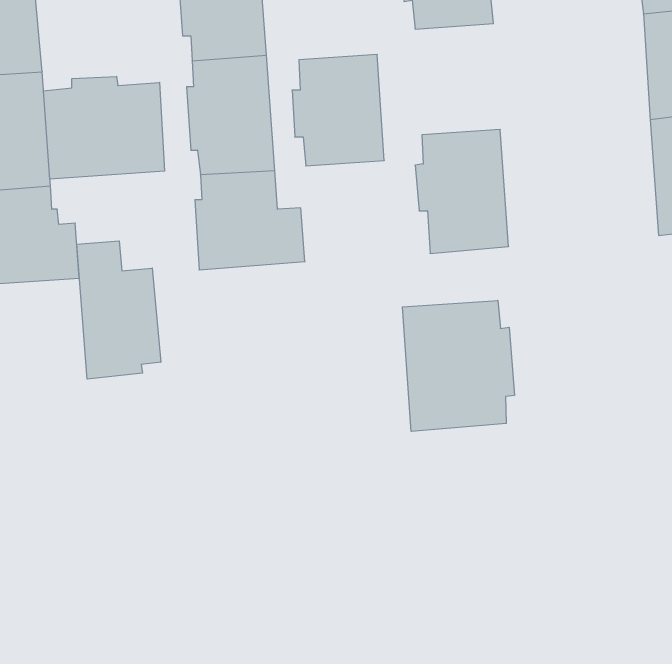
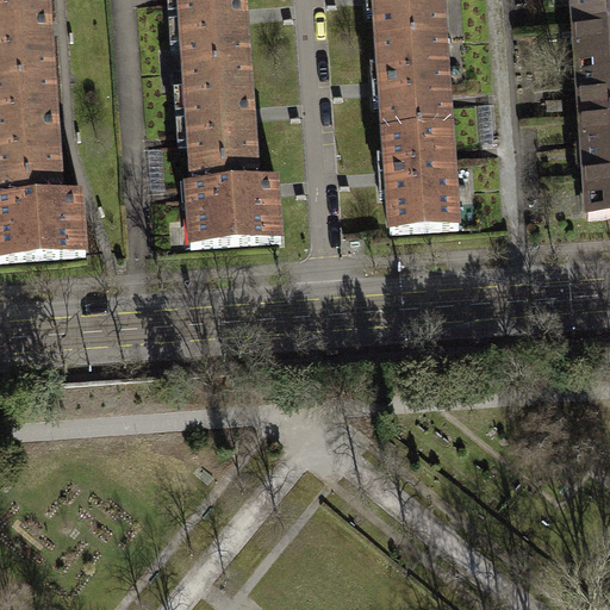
building: [292,54,384,166] -> [372,27,452,124]
building: [44,76,165,179] -> none
building: [77,241,161,379] -> none
building: [402,300,514,431] -> none

